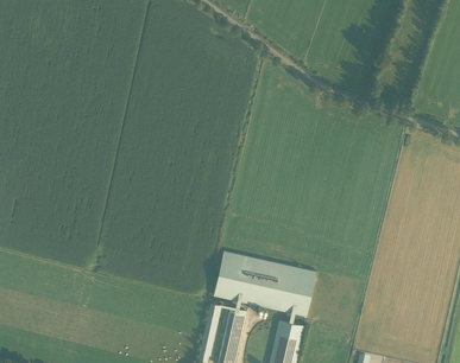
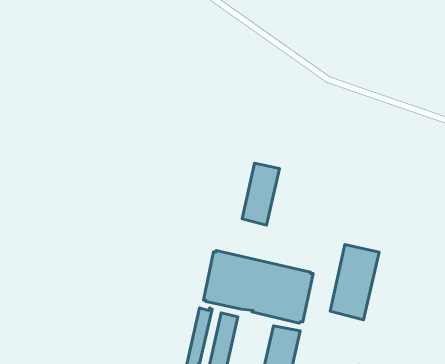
building: none -> [242,163,279,225]
building: none -> [330,245,379,320]

